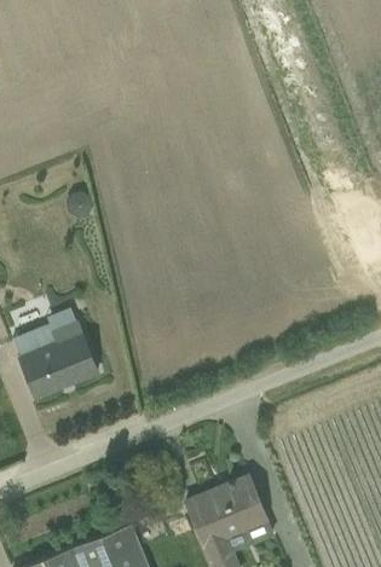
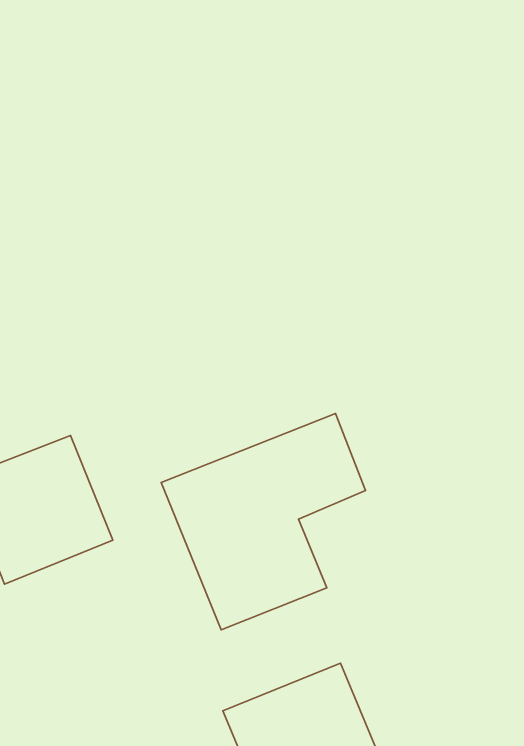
building: none -> [161,413,365,630]

